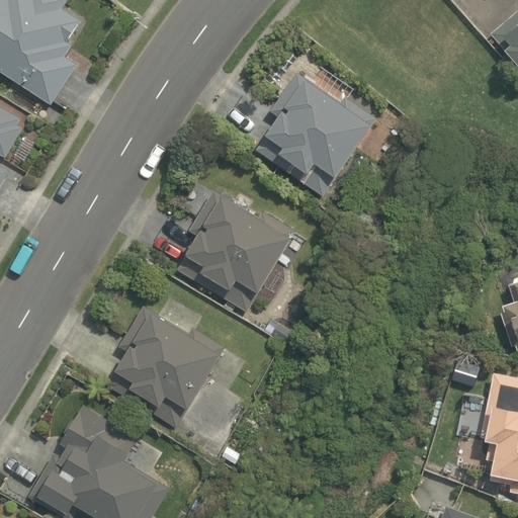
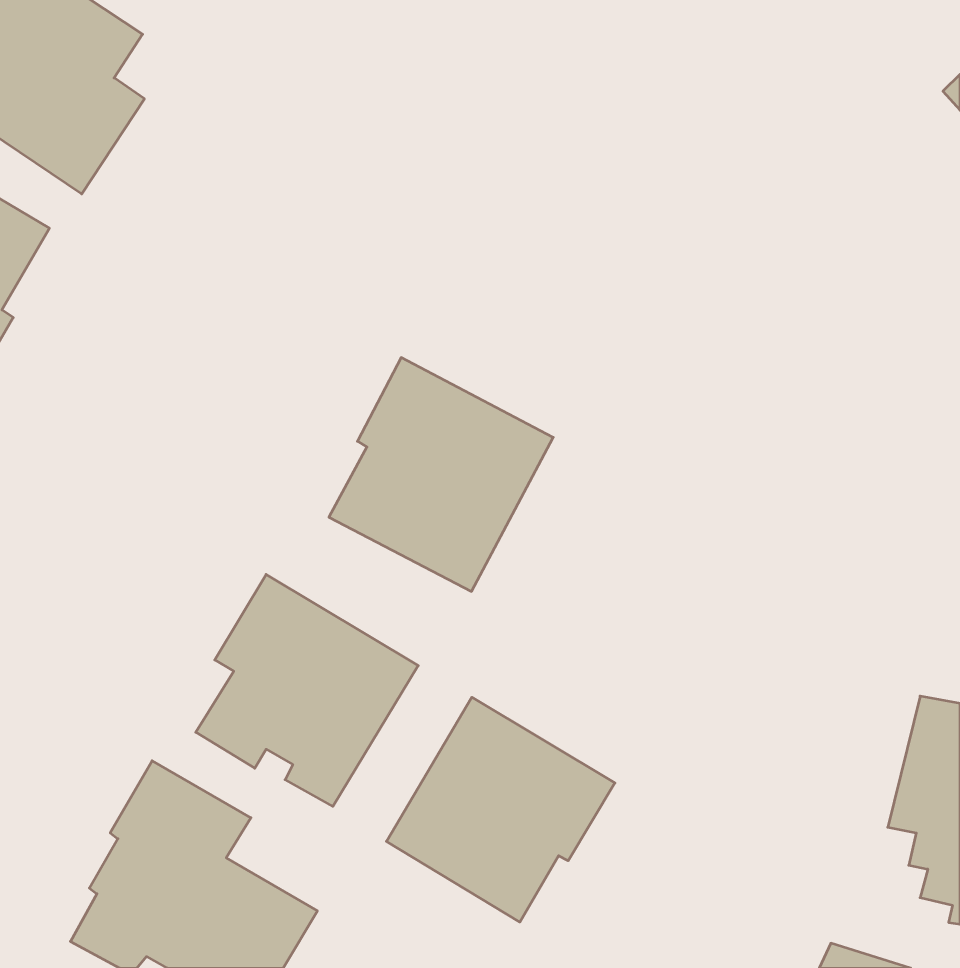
building: [266,70,373,198] -> none
building: none -> [386,697,615,922]

